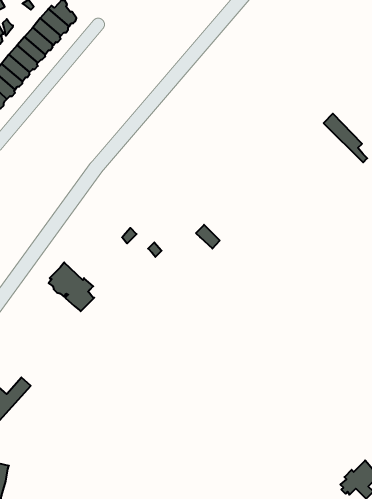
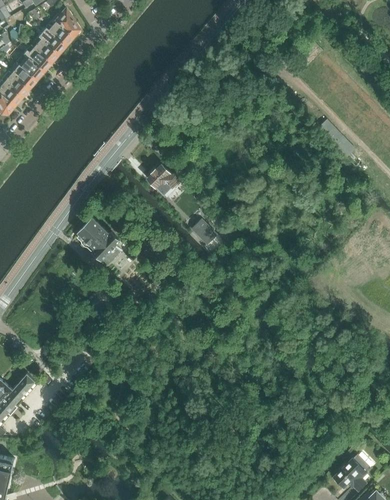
building: none -> [147,165,182,198]
building: [49,262,94,311] -> [76,218,120,265]

